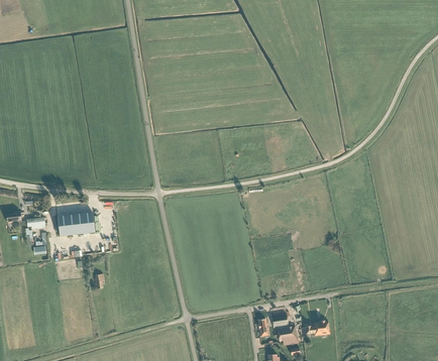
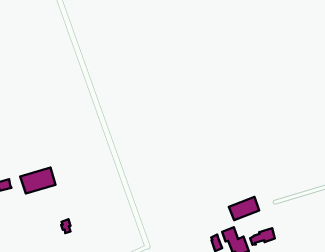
building: none -> [229,197,259,220]

